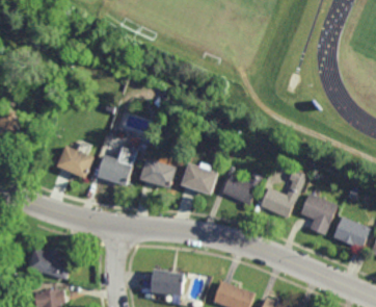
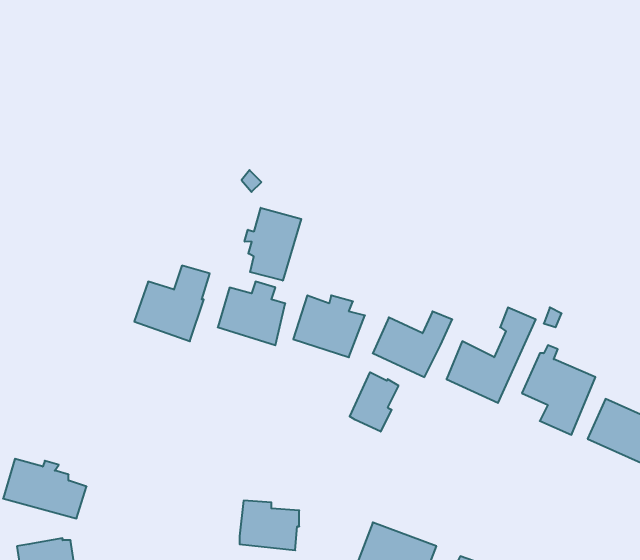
building: none -> [245,208,301,281]
building: [54,145,92,178] -> none
building: none -> [350,372,398,432]

